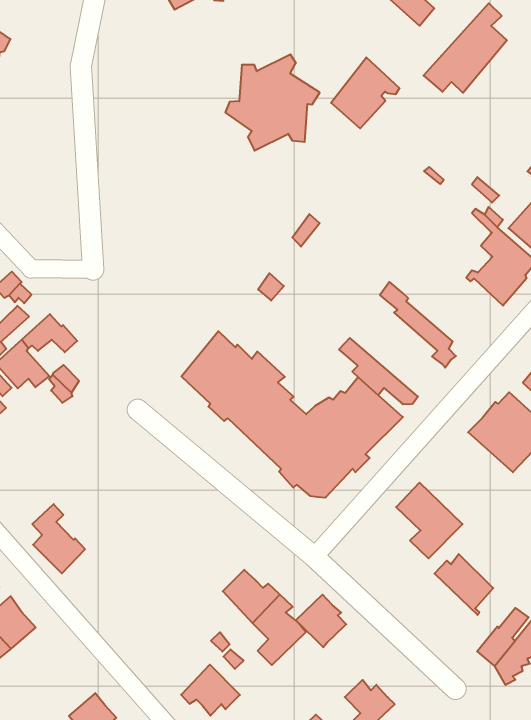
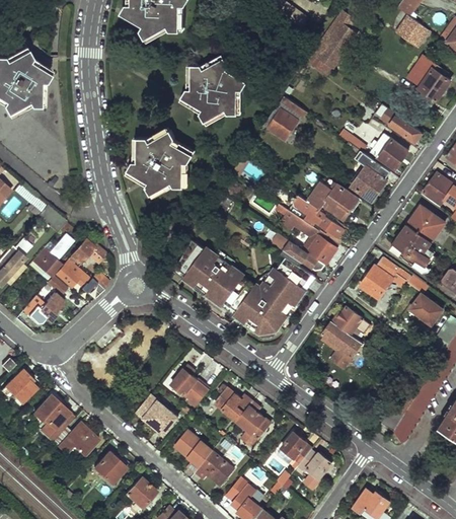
building: [331,57,400,128] -> [264,95,307,141]
building: none -> [127,132,185,195]
building: none -> [308,179,359,221]
building: none -> [275,205,339,265]
building: [32,504,85,573] -> [141,391,176,435]
building: none -> [170,362,209,407]
building: [434,554,493,615] -> [332,306,371,344]
building: [296,595,346,647] -> [279,432,311,465]
building: none -> [175,432,212,472]
building: none -> [93,452,125,484]

